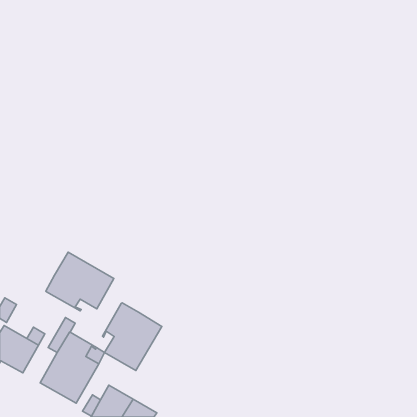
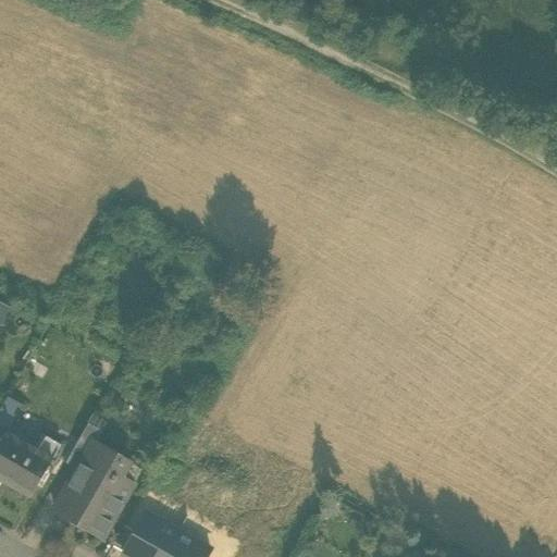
building: [46,252,114,311] -> none
building: [102,303,162,371] -> none

